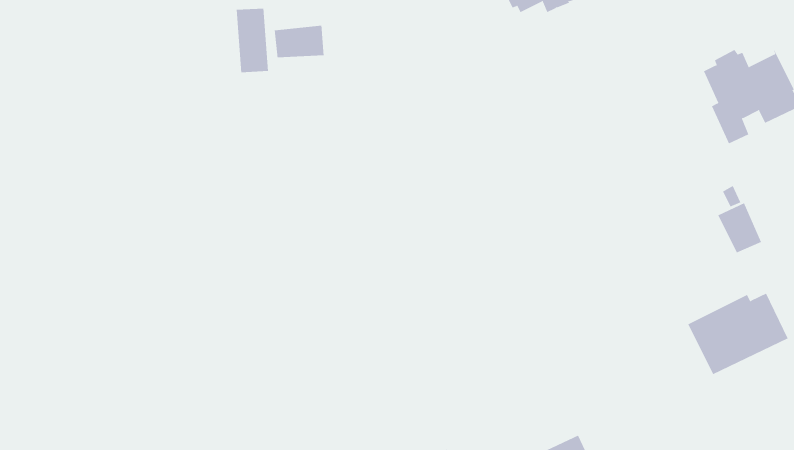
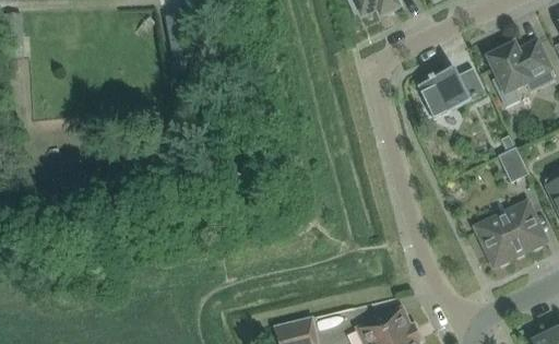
building: [274,25,324,58] -> none
building: none -> [416,67,485,118]

